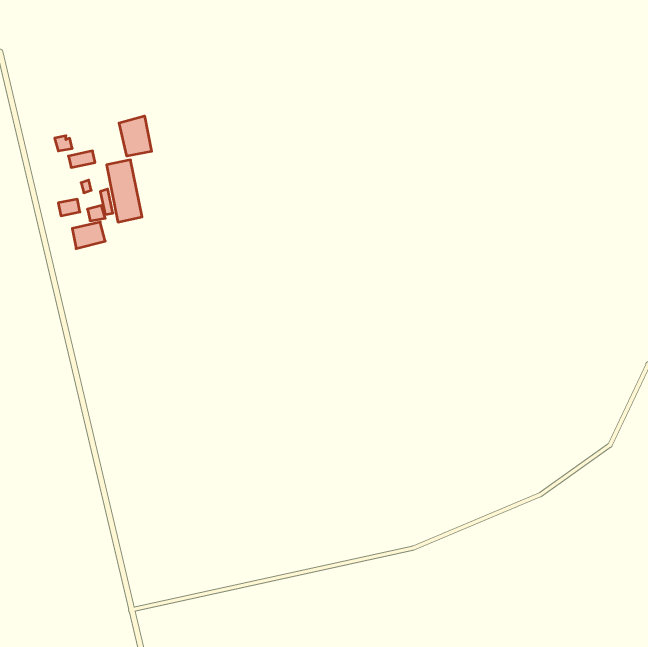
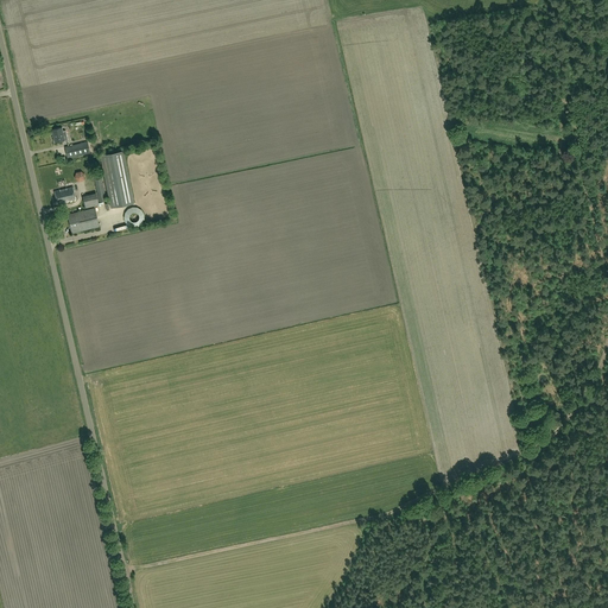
building: [119,116,152,156] -> none

